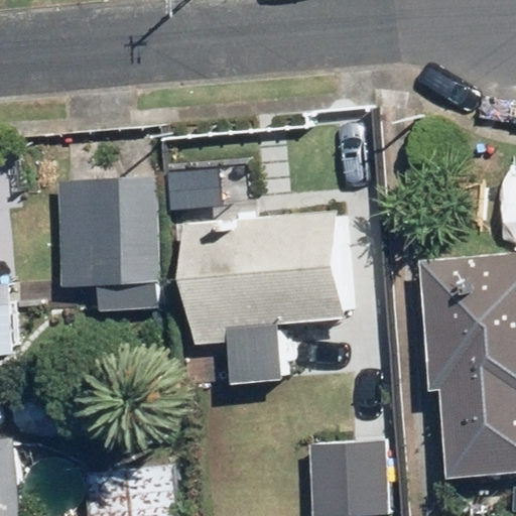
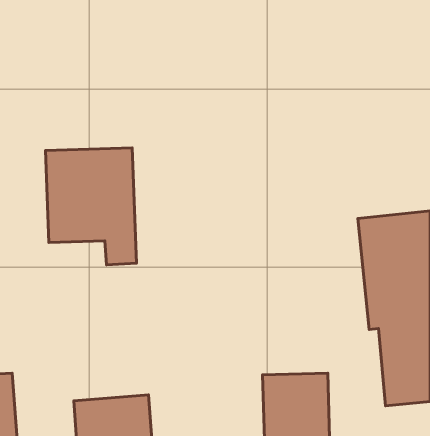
building: [185,212,349,384] -> none

